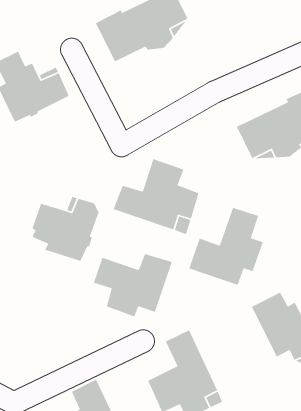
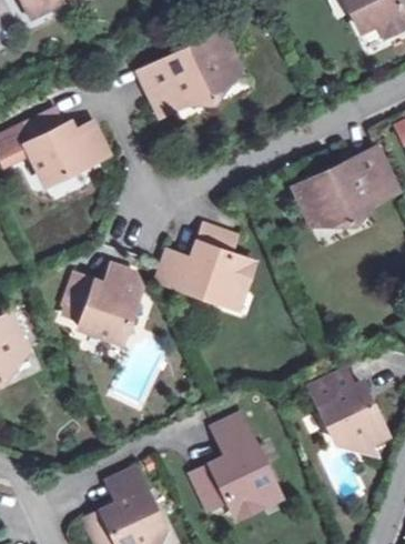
building: [188,207,264,286] -> none
building: [93,253,173,318] -> none

